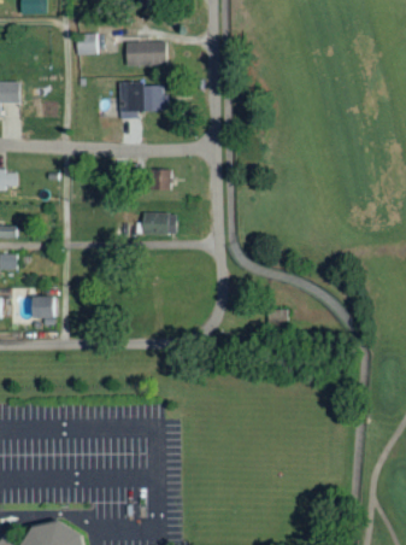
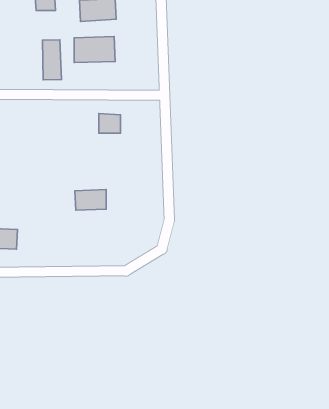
building: none -> [42,40,61,80]
building: [141,212,176,235] -> [75,190,106,210]

